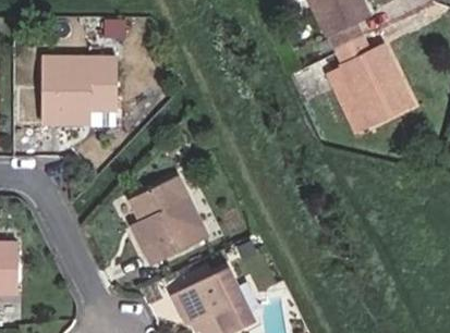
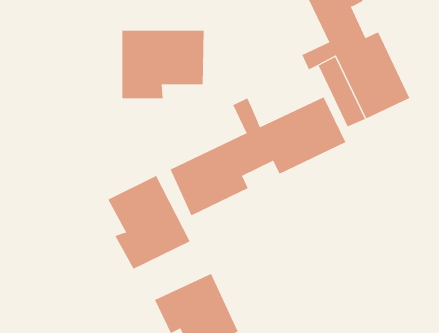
building: [40,58,118,122] -> [122,30,205,99]
building: none -> [170,96,346,216]

